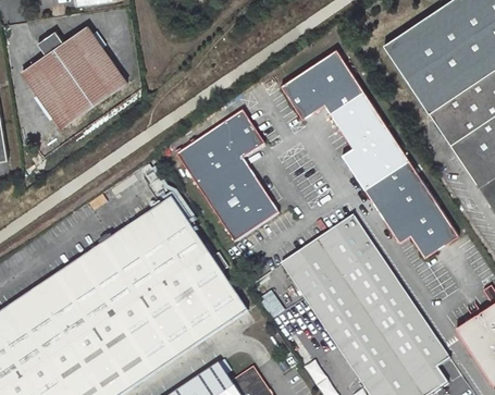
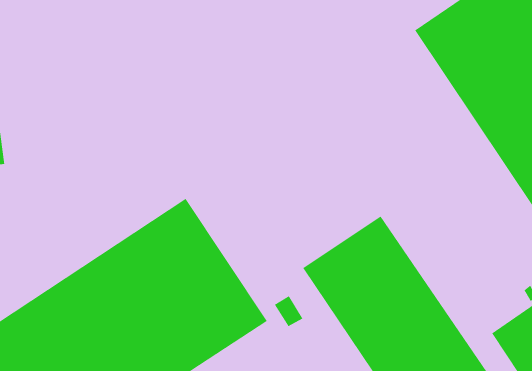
building: [20,29,120,128] -> none
building: [279,46,457,252] -> none
building: [176,108,279,240] -> none

